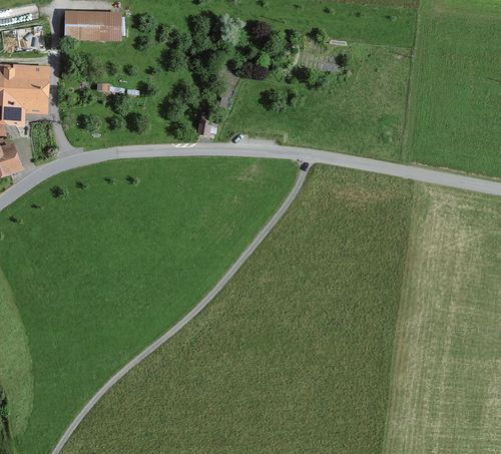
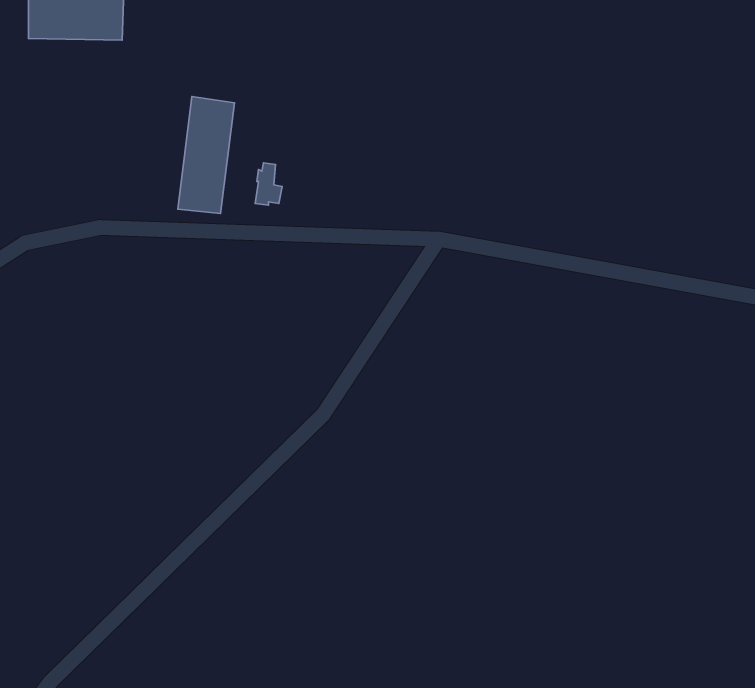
building: none -> [178,96,234,213]

